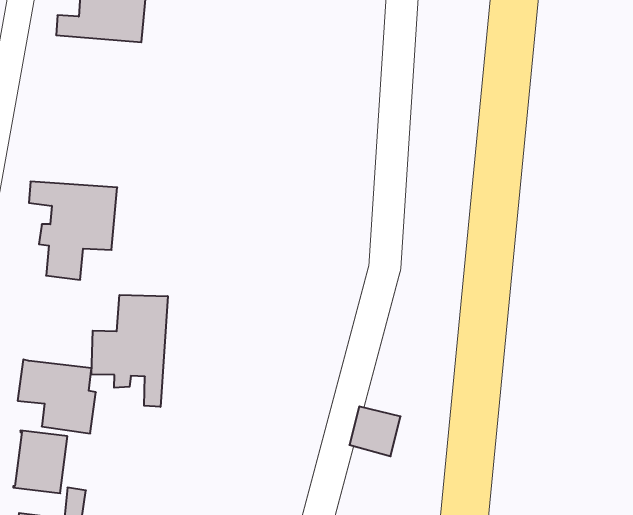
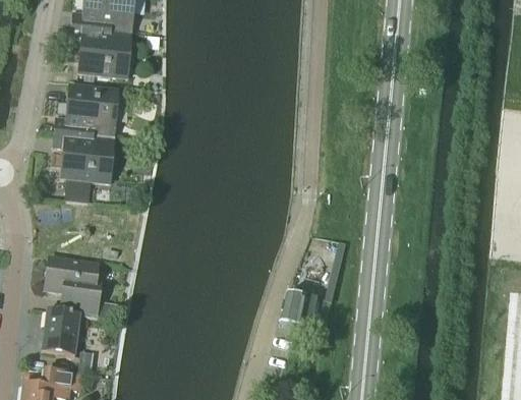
building: none -> [70,25,132,75]
building: none -> [53,79,119,134]
building: [91,295,168,407] -> none

